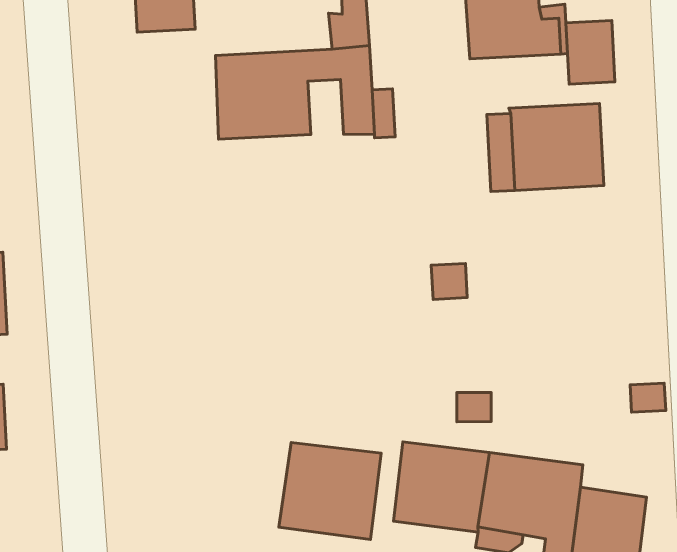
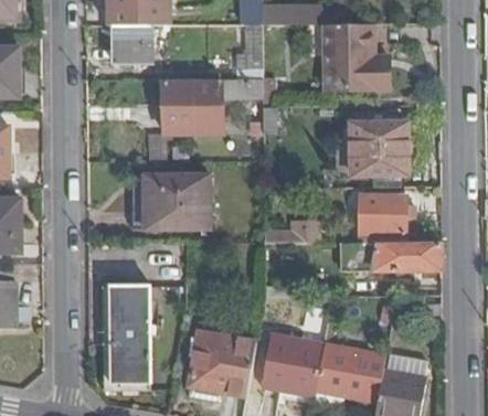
building: [566,20,615,84] -> none
building: none -> [134,173,209,227]
building: none -> [360,194,406,235]
building: none -> [341,242,443,271]
building: none -> [109,288,150,381]

